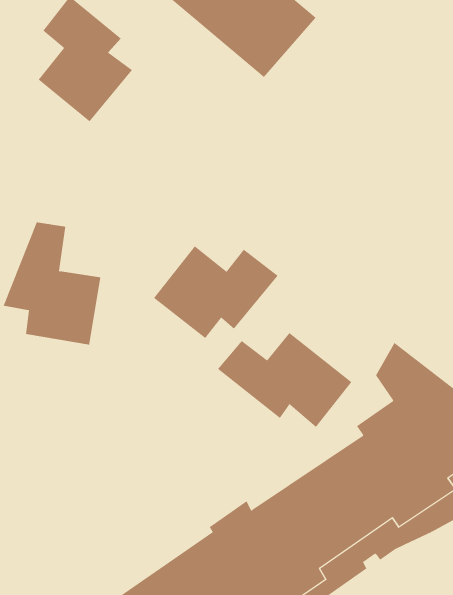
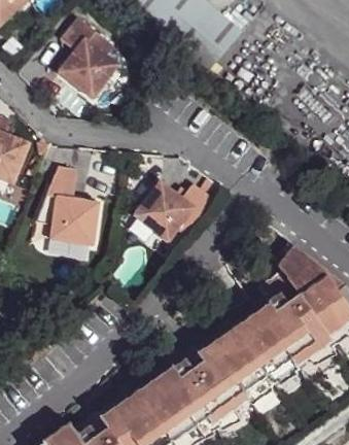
building: [217,332,352,428] -> none

